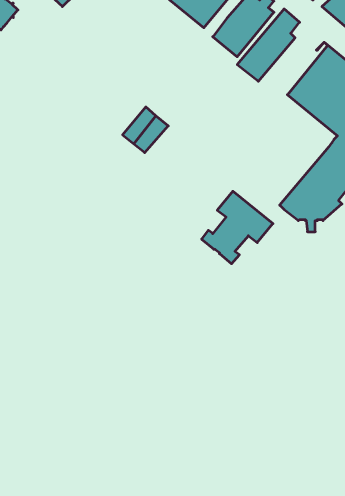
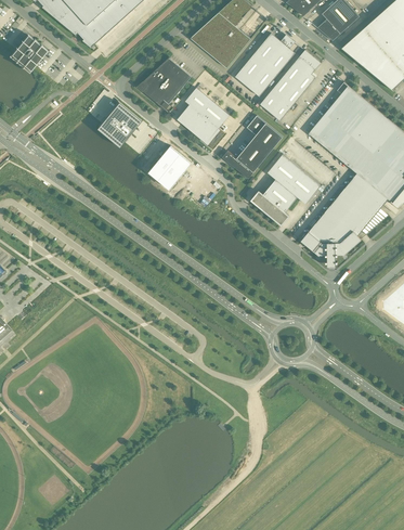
building: none -> [138,56,191,105]
building: none -> [177,87,230,148]
building: none -> [101,103,143,145]
building: none -> [226,114,282,178]
building: [202,191,273,264] -> [251,153,321,223]

